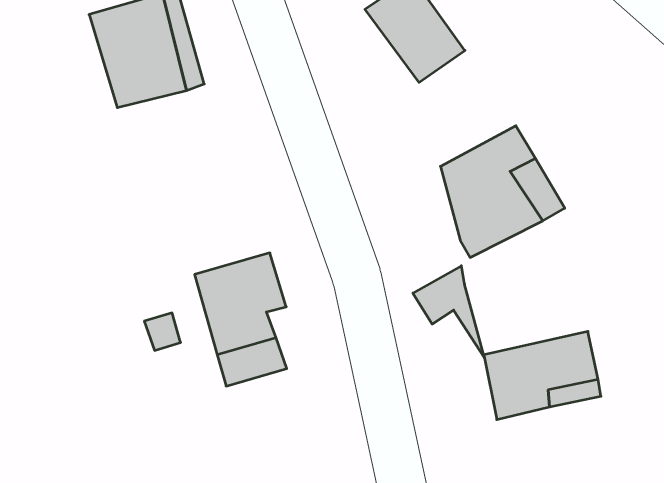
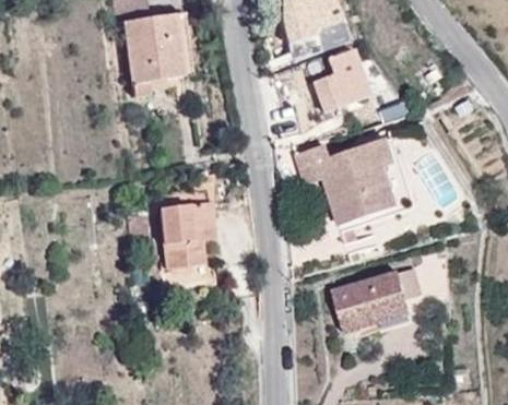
building: [413,266,484,358] -> [296,146,334,207]

